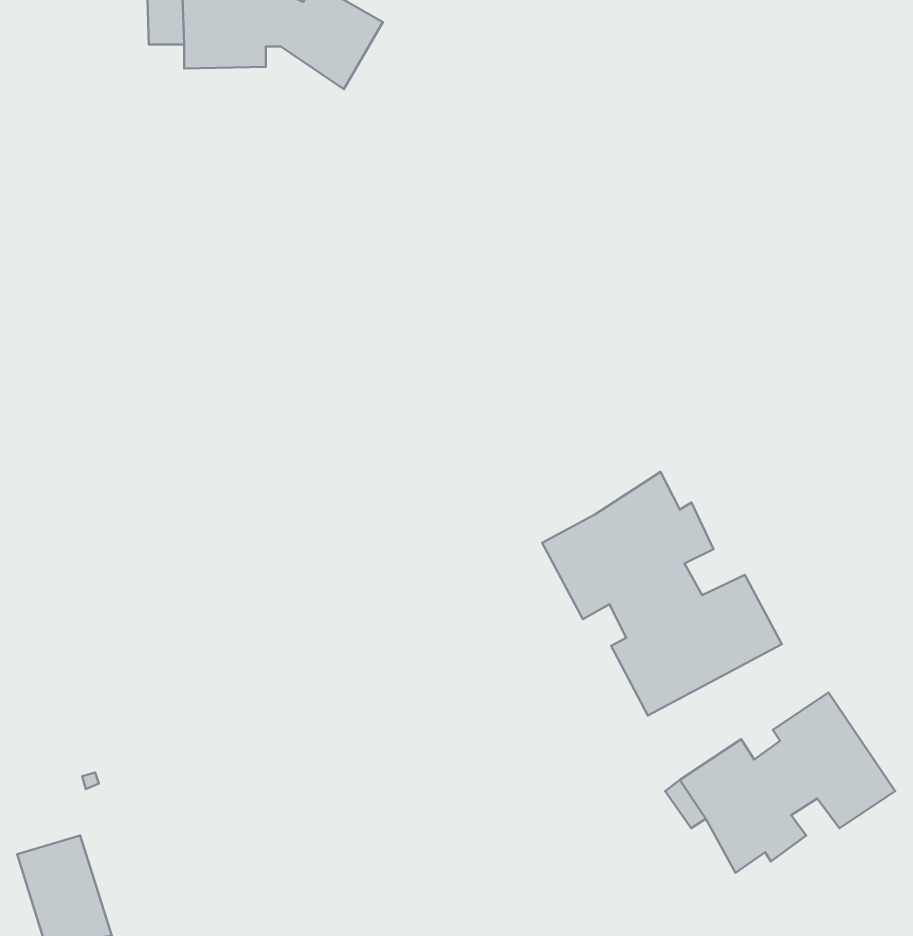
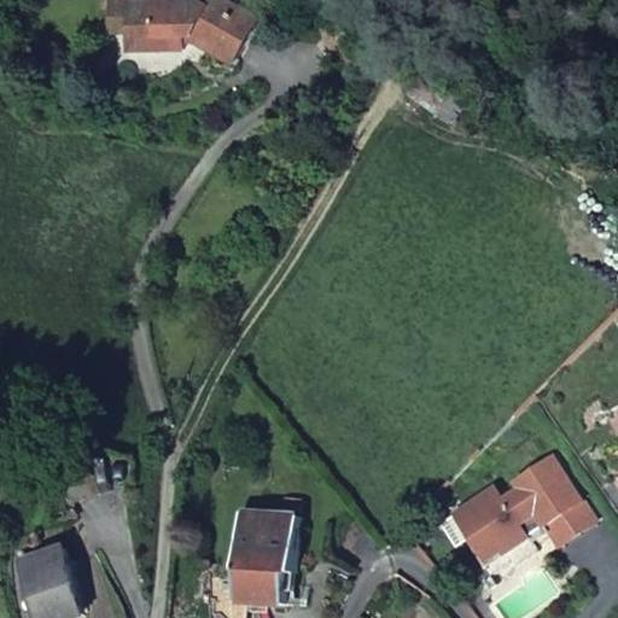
building: [542,472,782,715] -> none
building: none -> [235,507,298,594]

